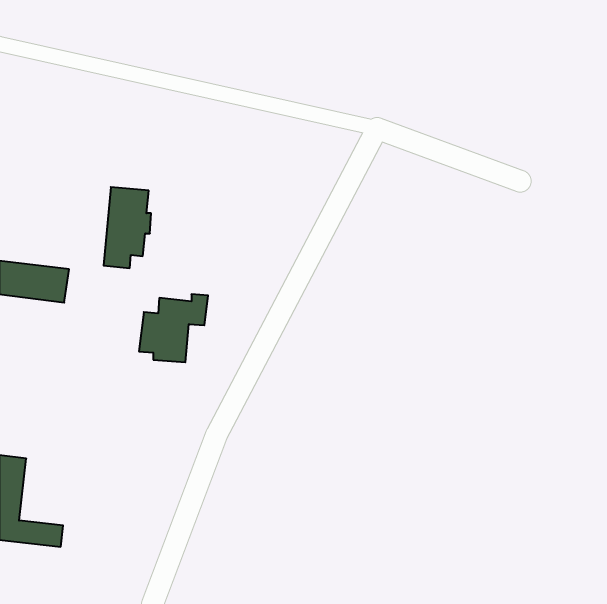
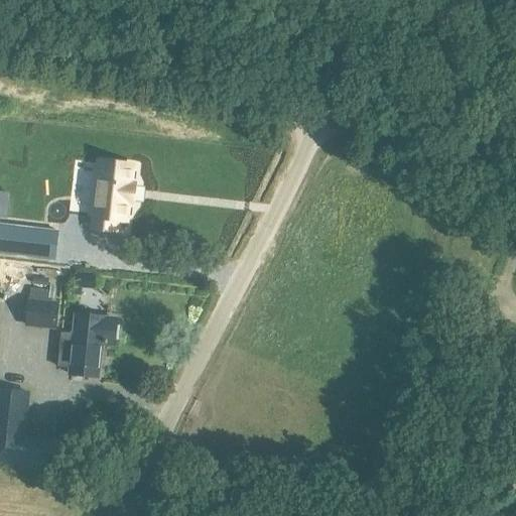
building: [139,294,208,362] -> [57,314,116,372]
building: none -> [24,284,58,326]

